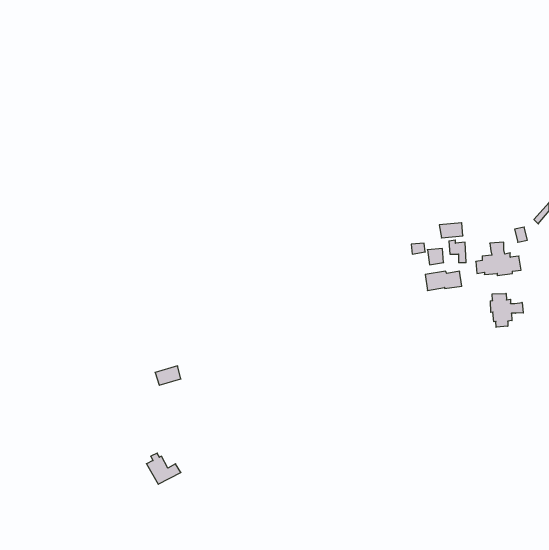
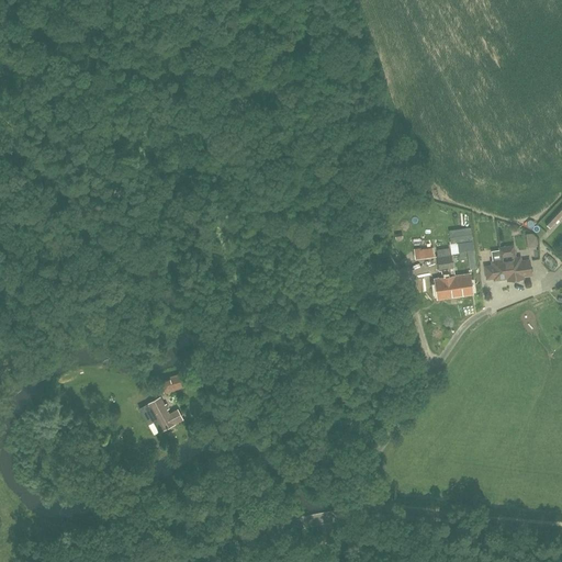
building: [490,293,523,327] -> none
building: [146,453,181,484] -> [146,400,181,431]

